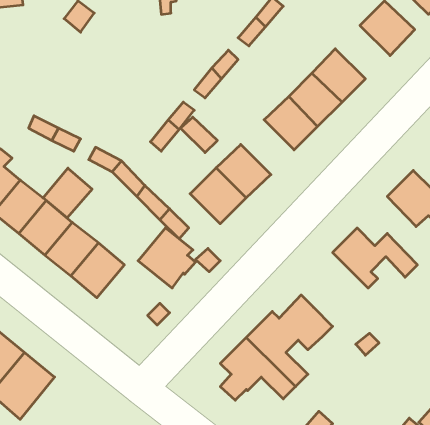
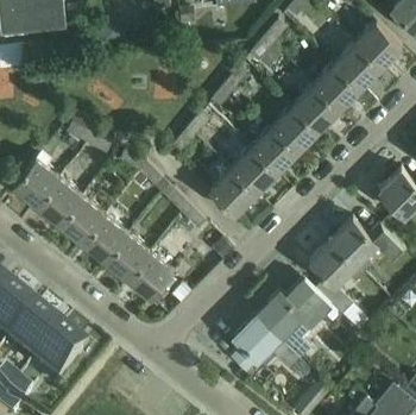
building: none -> [333,42,380,88]
building: none -> [251,124,297,171]
building: [43,168,92,218] -> none
building: [138,228,196,288] -> [126,250,176,302]
building: none -> [309,239,361,314]

